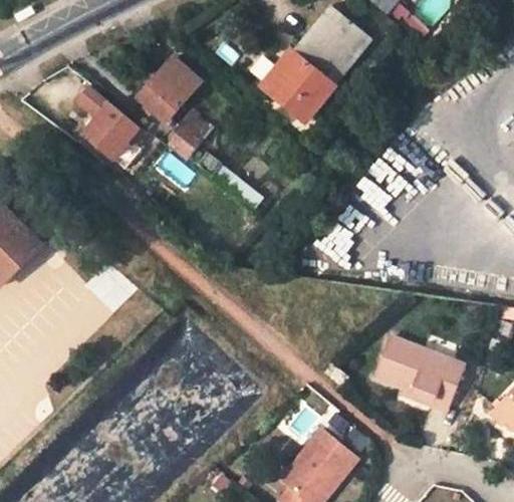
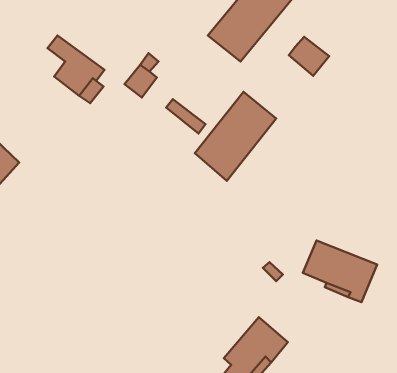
building: [135,55,199,118] -> none
building: none -> [289,37,329,76]
building: none -> [195,92,276,181]

